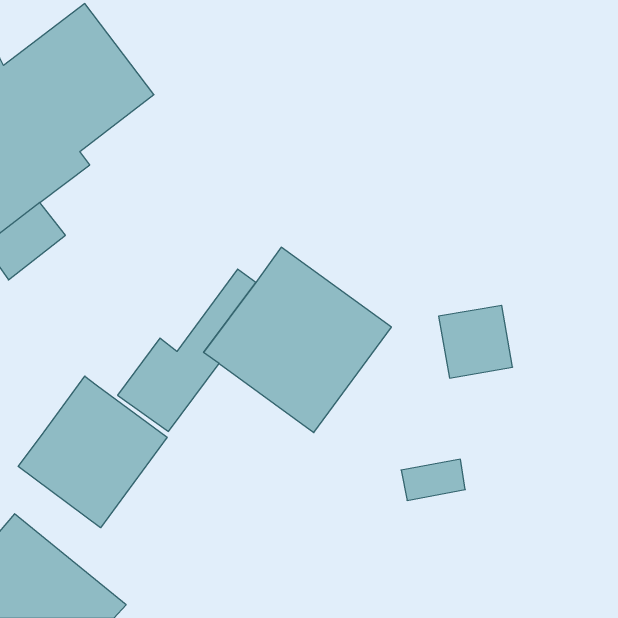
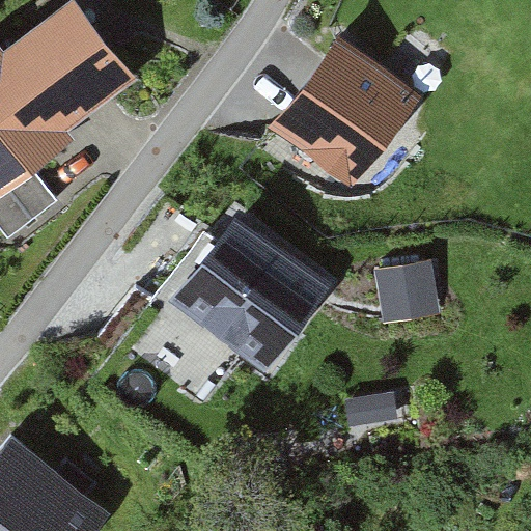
building: none -> [272,38,419,188]
building: [18,376,167,528] -> none

